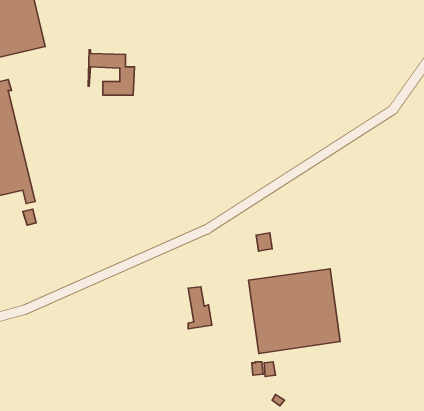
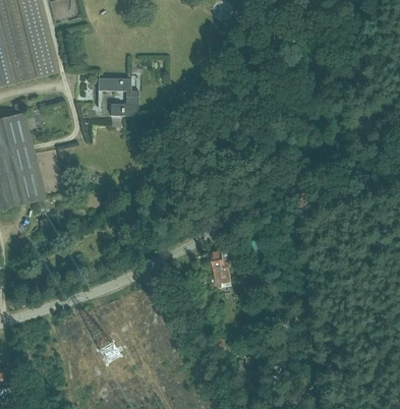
building: [249,269,340,354] -> none
building: [188,287,212,329] -> [210,251,231,289]

